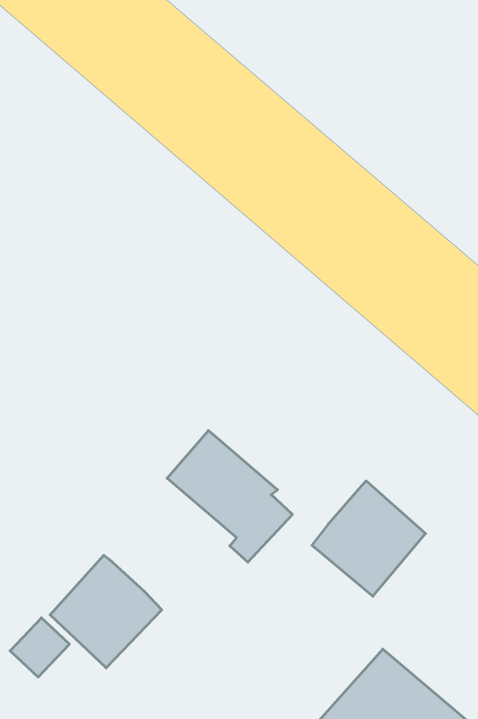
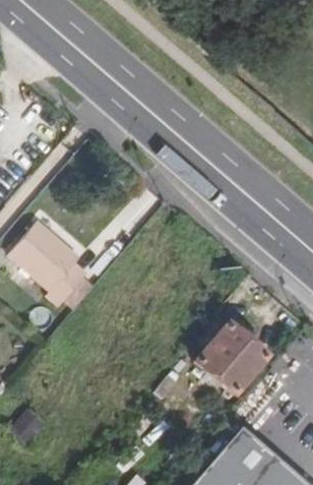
building: [167,430,292,562] -> [10,226,87,307]
building: [50,555,162,668] -> none

